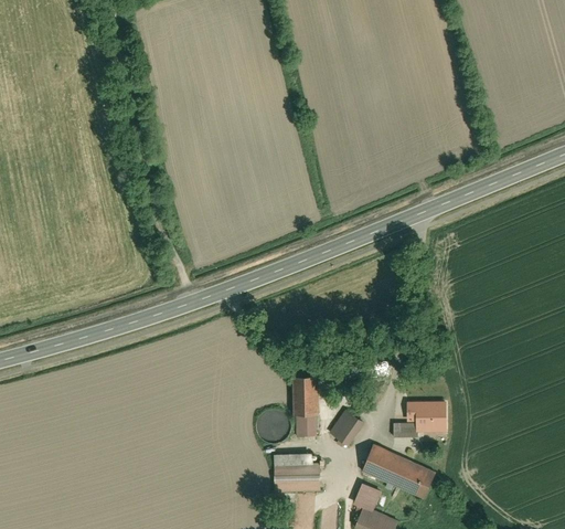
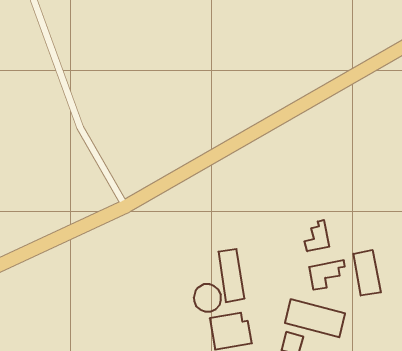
building: none -> [304,220,329,251]
building: none -> [353,250,381,296]
building: [330,409,364,445] -> none

